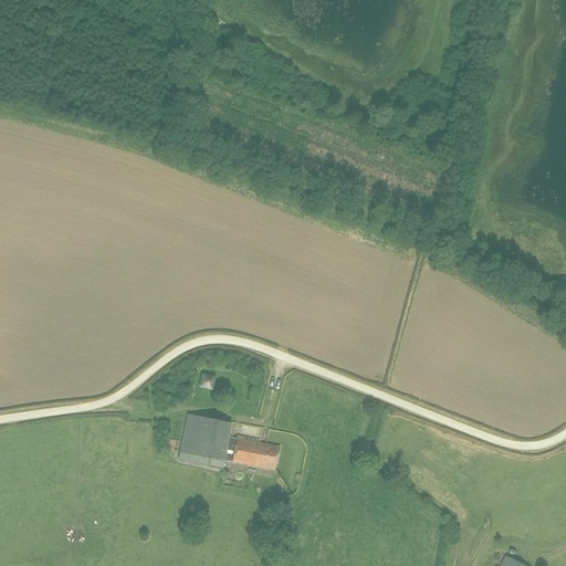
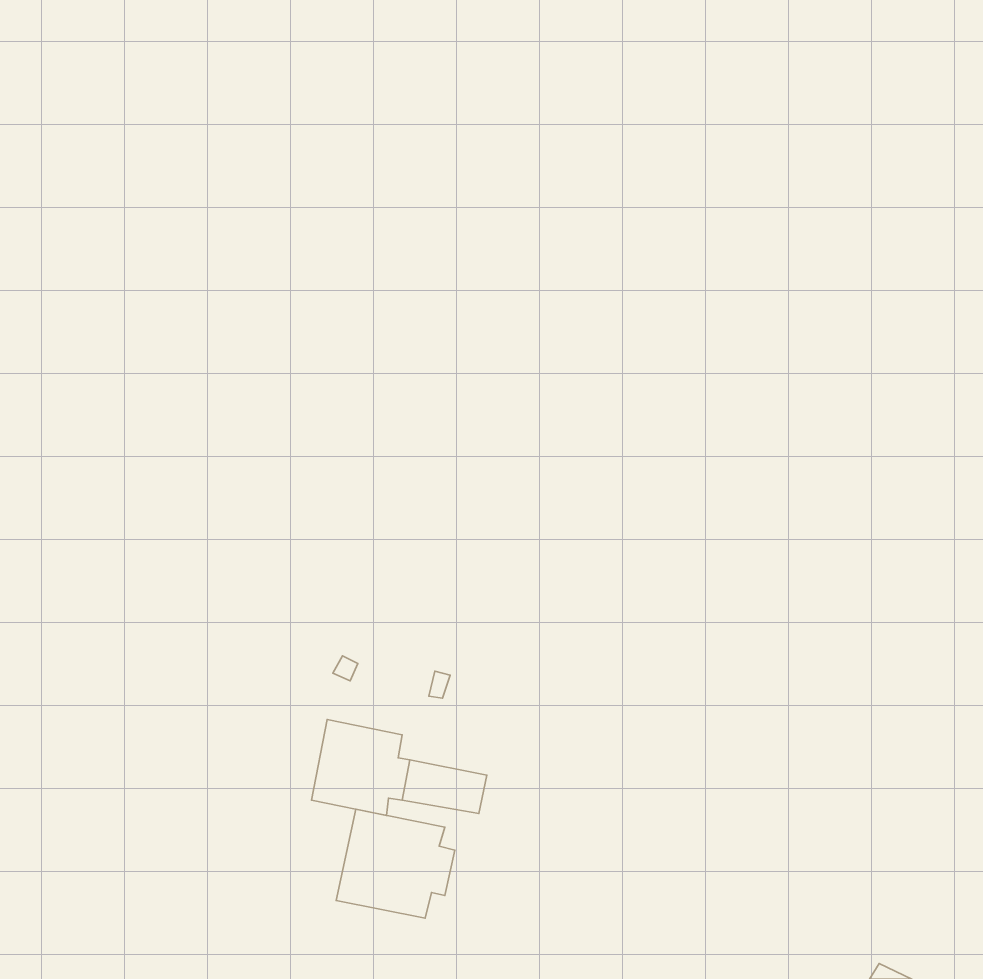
building: none -> [336,809,455,918]

